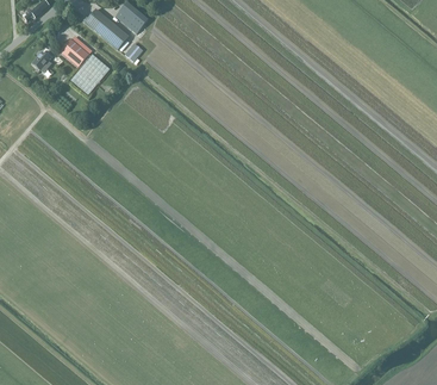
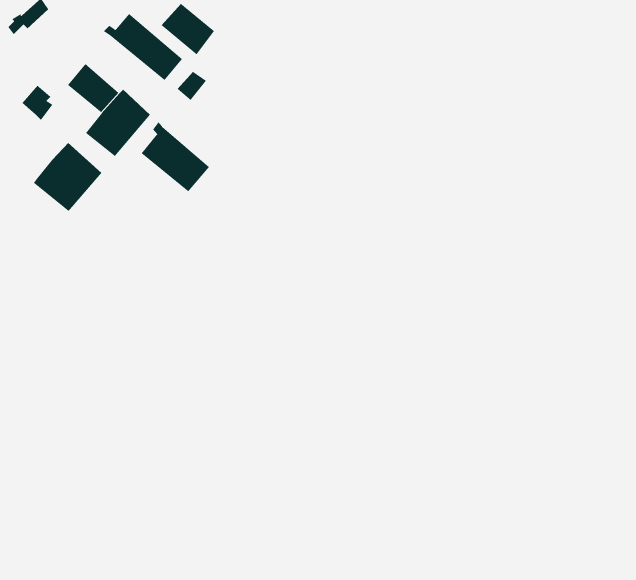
building: none -> [141,122,210,192]
building: none -> [33,142,102,212]

